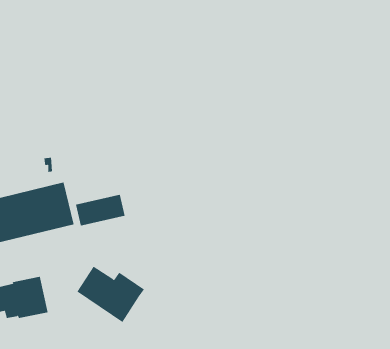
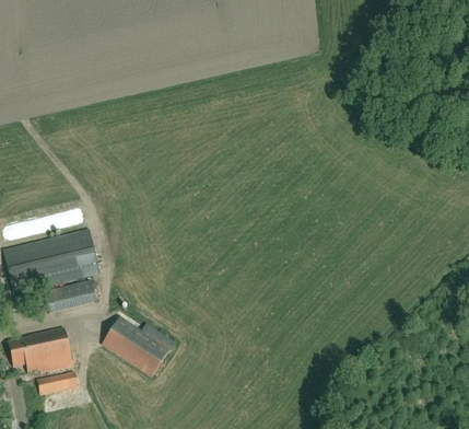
building: [75,194,126,226] -> [43,279,96,313]
building: none -> [35,370,78,395]

